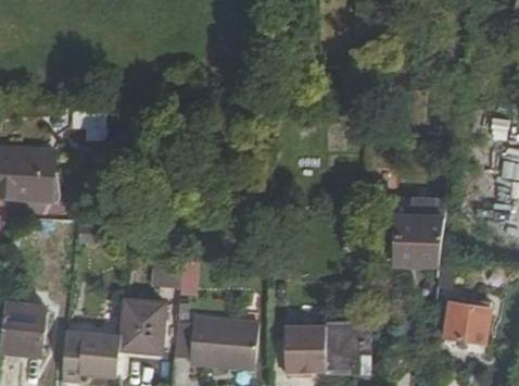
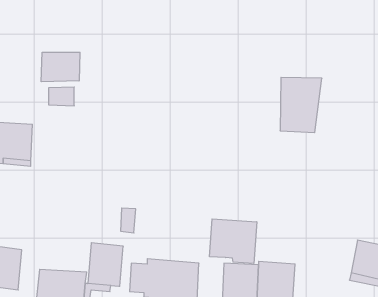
building: none -> [41,52,80,82]
building: [394,199,445,266] -> [280,77,322,133]
building: none -> [210,219,257,263]

